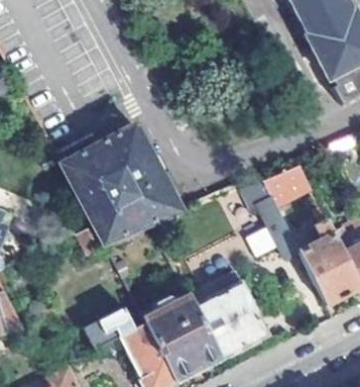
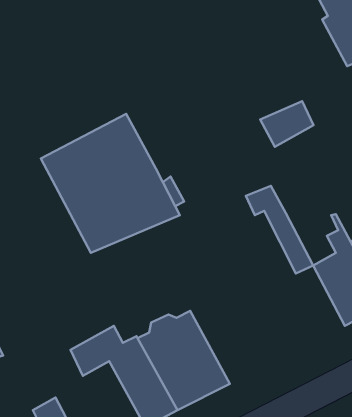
building: [260,165,308,205] -> [260,101,314,147]
building: [189,268,270,357] -> none

